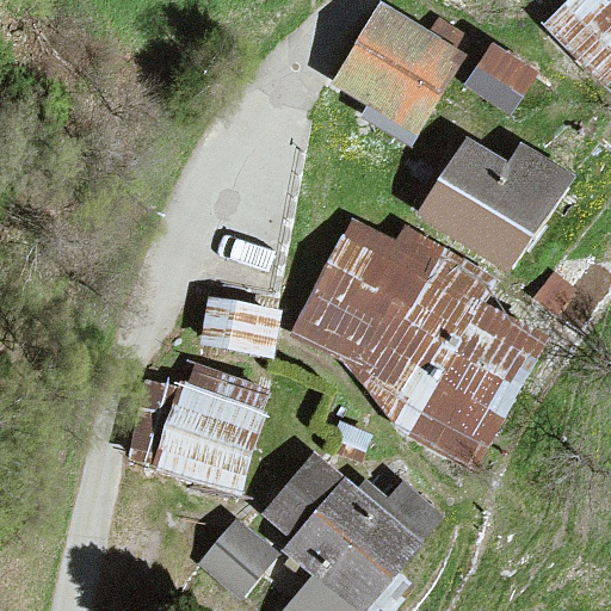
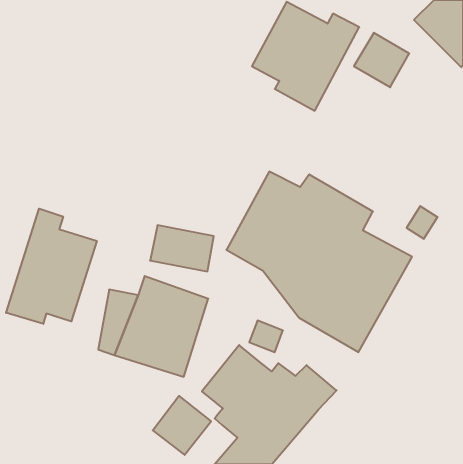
building: [421,140,567,269] -> none
building: none -> [6,209,97,324]

